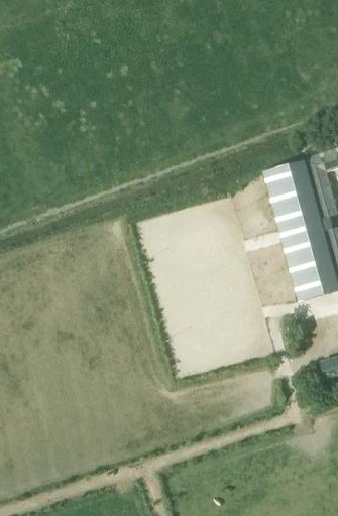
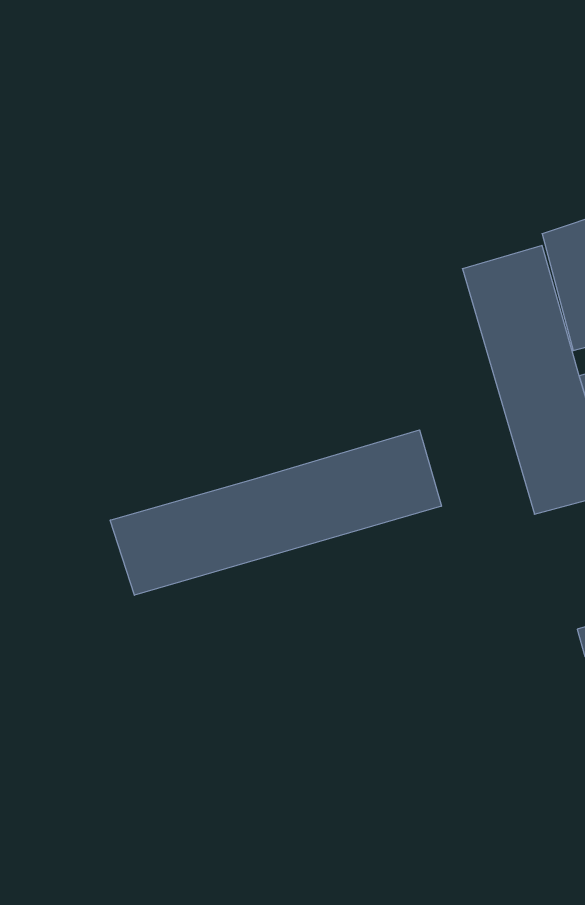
building: none -> [110,430,441,595]

